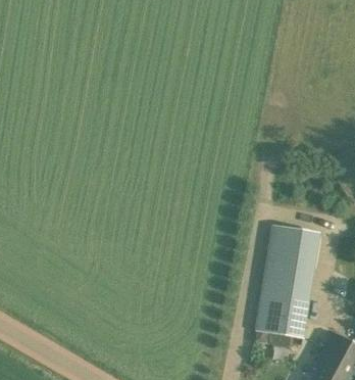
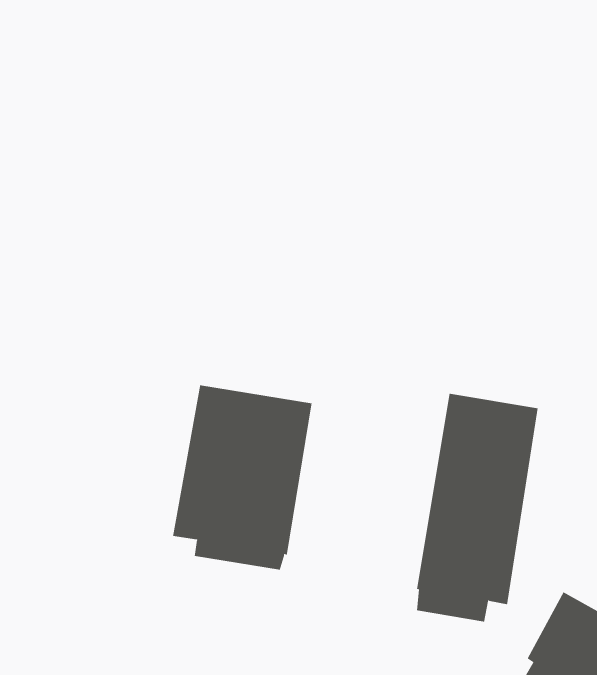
building: none -> [173,385,312,571]

